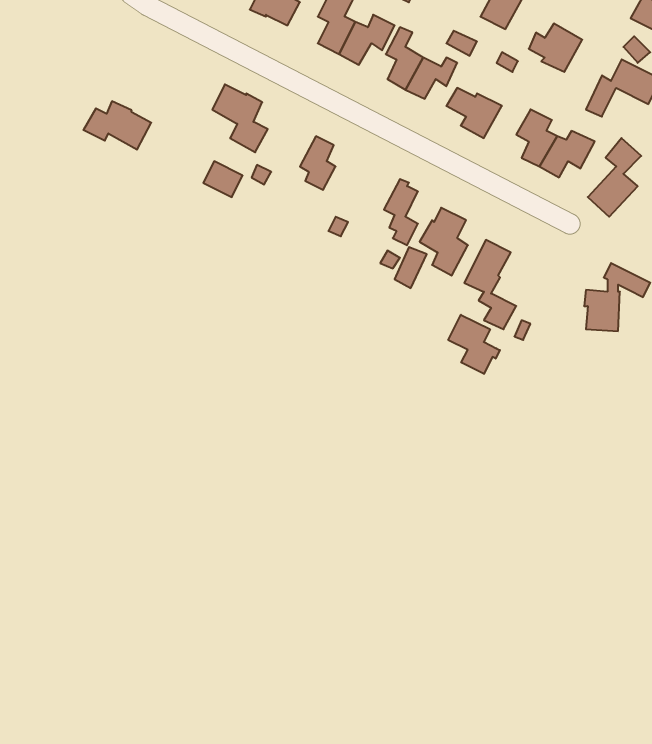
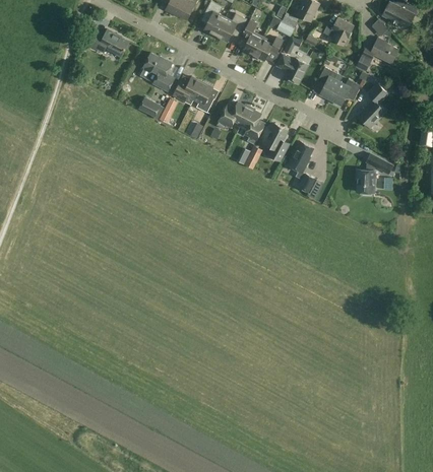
building: [83,101,151,150] -> [90,29,129,57]
building: none -> [172,76,202,105]
building: none -> [216,102,250,129]
building: [448,315,500,374] -> none

